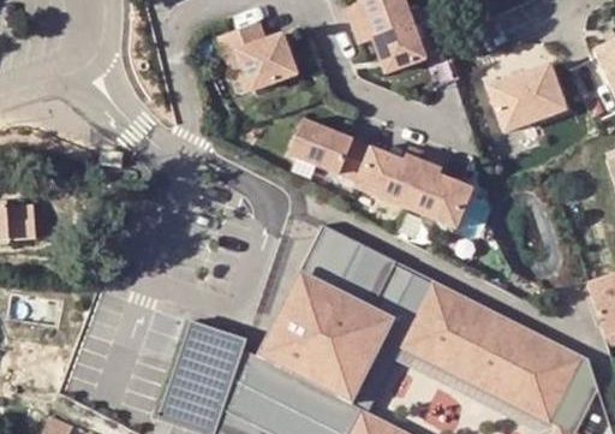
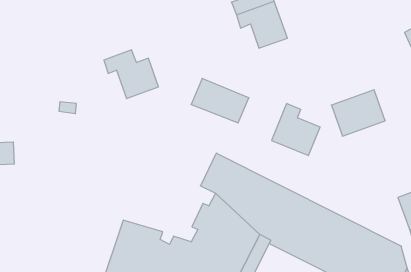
building: [216,24,294,94] -> [104,50,158,99]
building: [489,65,566,131] -> [331,90,385,136]
building: [354,145,425,207] -> none
building: [263,272,323,352] -> none

